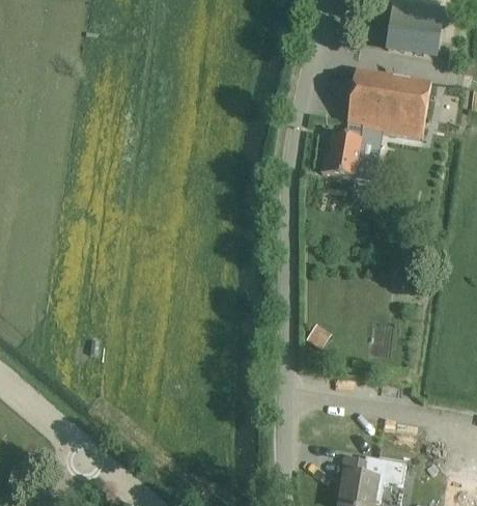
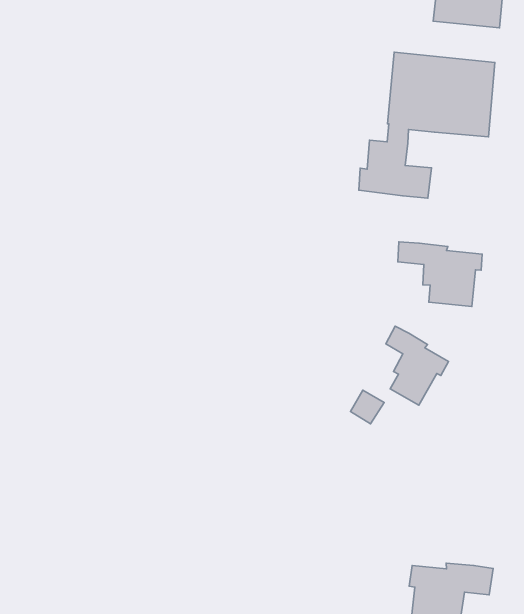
building: none -> [398,242,482,306]
building: none -> [386,326,448,405]

